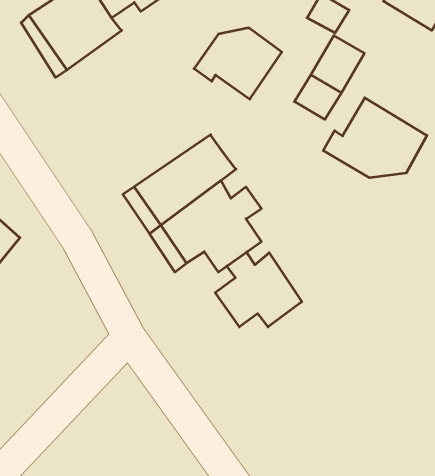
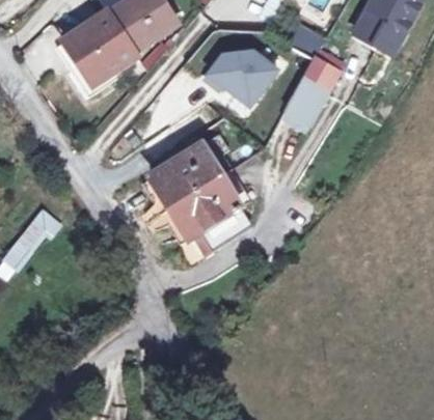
building: [323,98,427,178] -> none
building: [215,252,302,327] -> none

